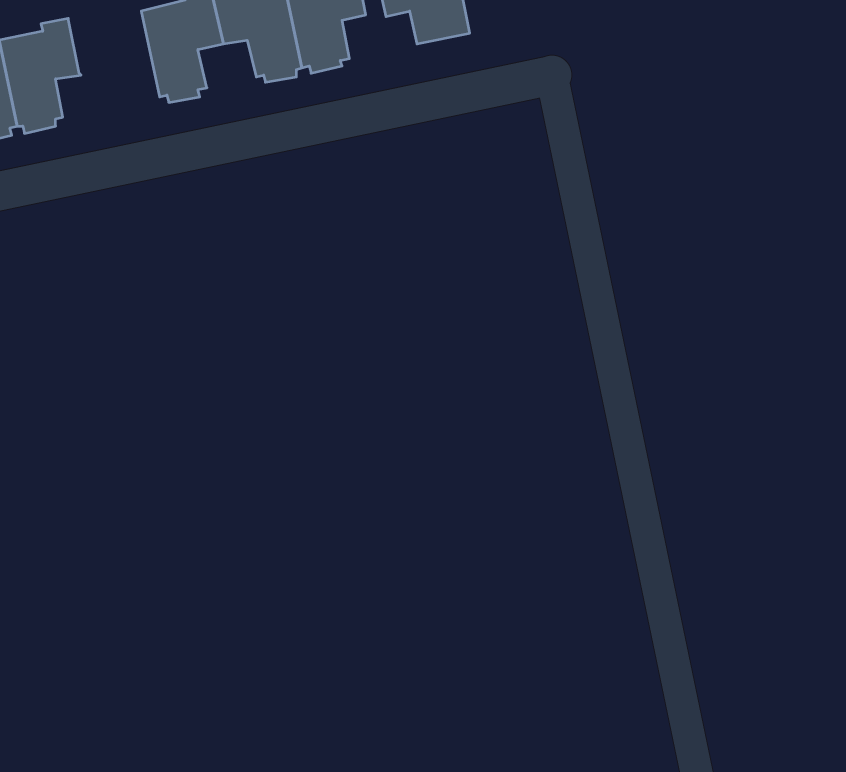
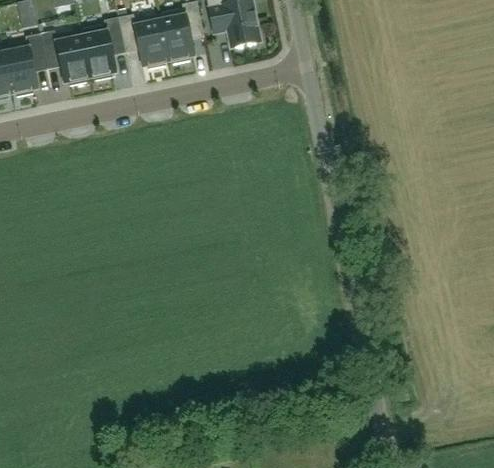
building: none -> [40,31,90,86]

